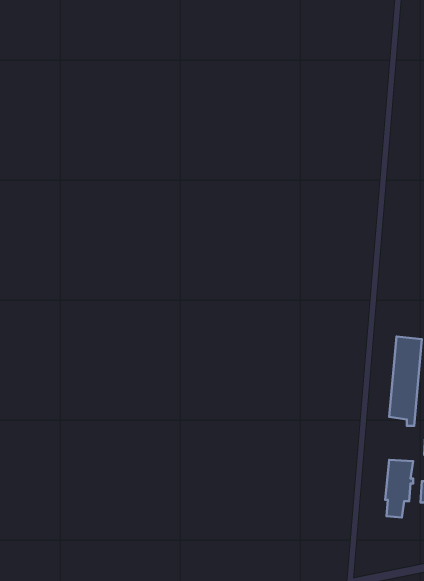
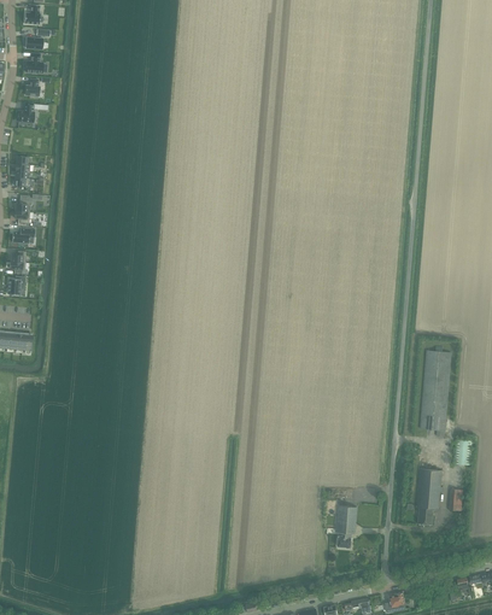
building: none -> [335,503,356,546]

